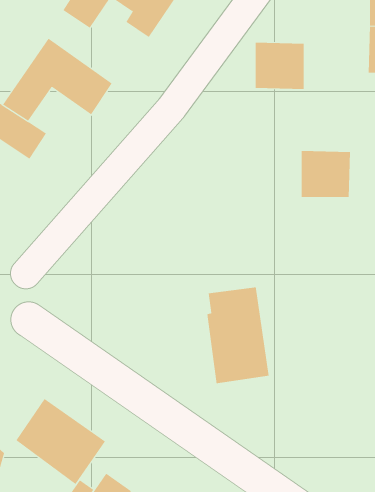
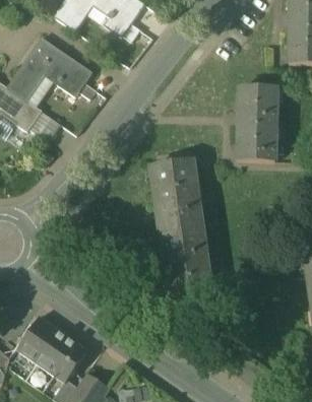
building: [255,42,305,89] -> [239,88,277,125]
building: none -> [152,159,204,234]

